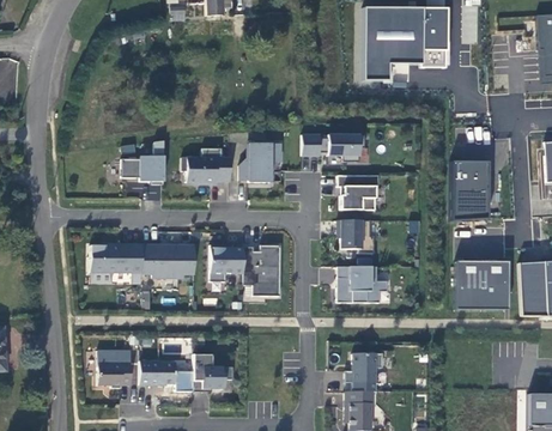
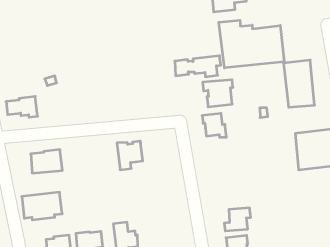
building: none -> [219,20,284,68]
building: [238,144,279,183] -> none
building: [182,147,230,183] -> none
building: [122,156,163,183] -> [6,96,38,117]
building: [141,243,194,277] -> [22,192,62,220]
building: [243,244,281,296] -> none
building: [336,266,387,302] -> none

